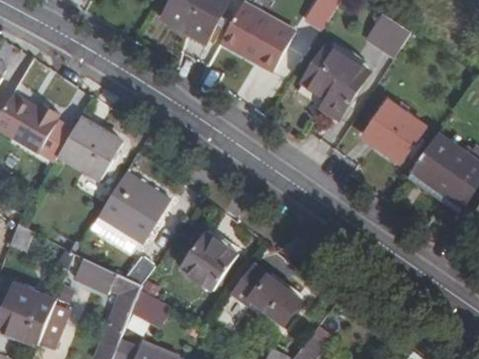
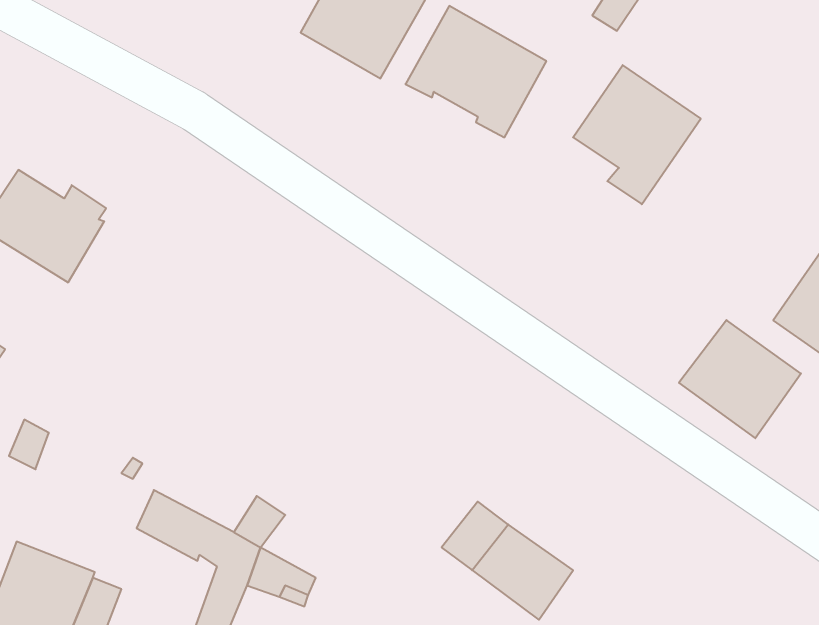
building: [366,13,408,54] -> none
building: [357,99,421,161] -> [679,320,801,438]
building: [57,118,122,181] -> none
building: [96,173,169,246] -> none
building: [179,231,239,290] -> none

